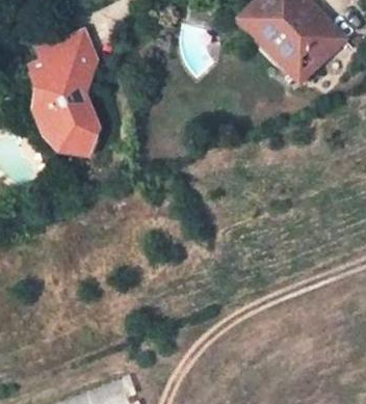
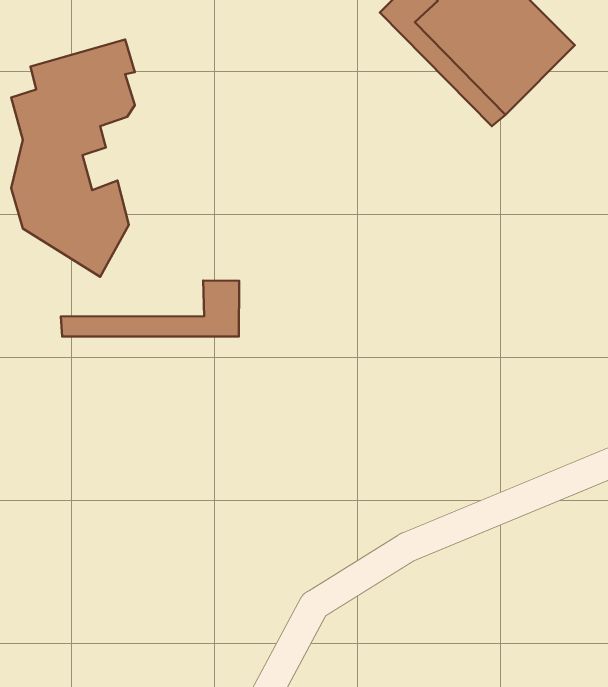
building: none -> [61,281,239,337]

